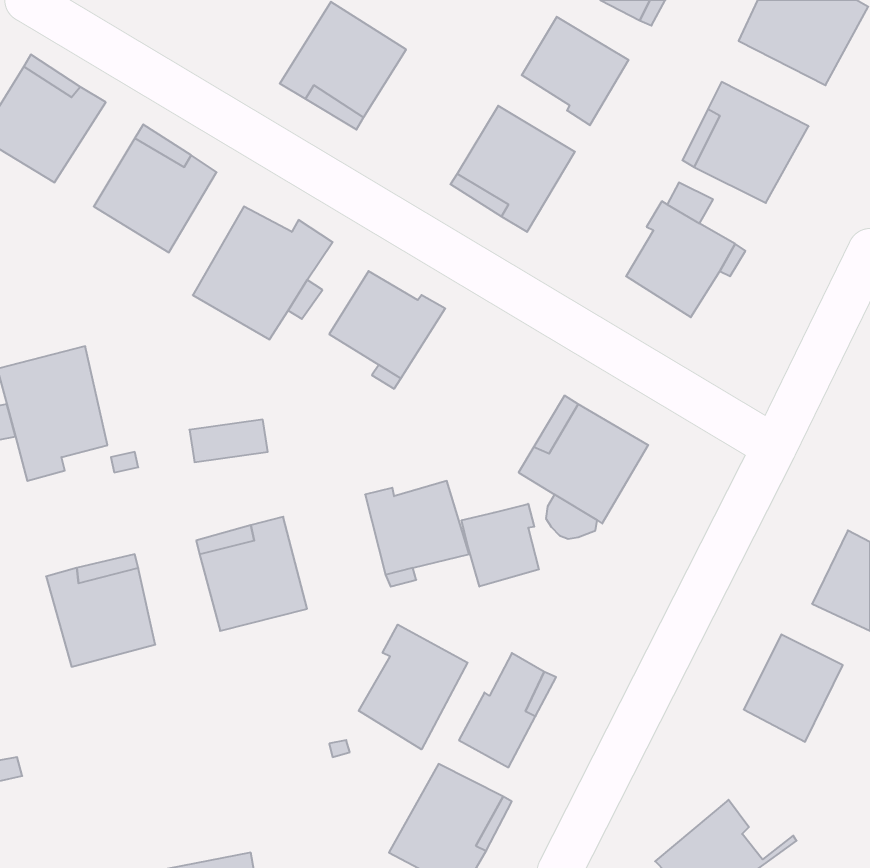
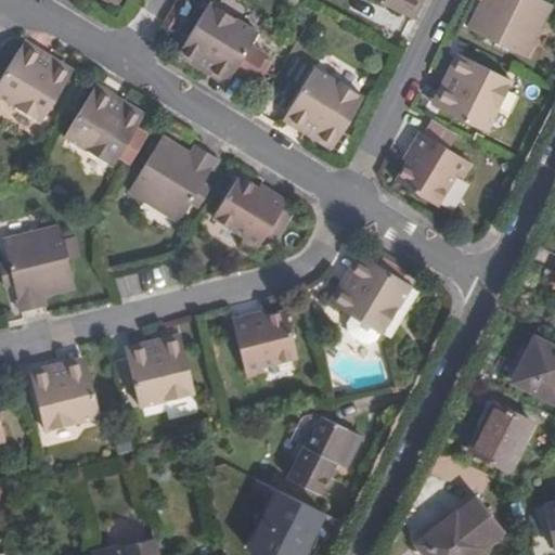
building: [522,17,628,125] -> none
building: [462,504,539,587] -> none
building: [359,625,468,749] -> none
building: none -> [463,500,504,548]

